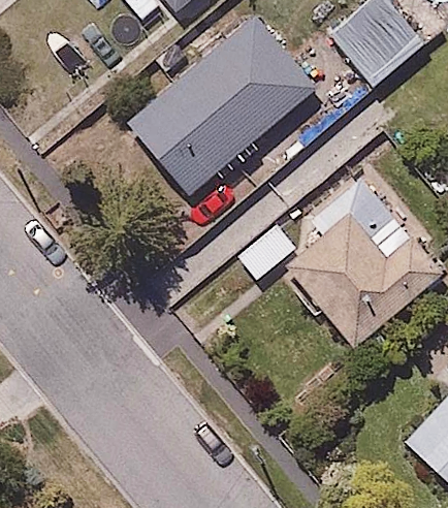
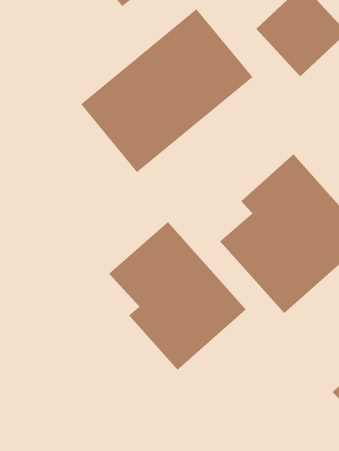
building: none -> [108,221,246,371]

